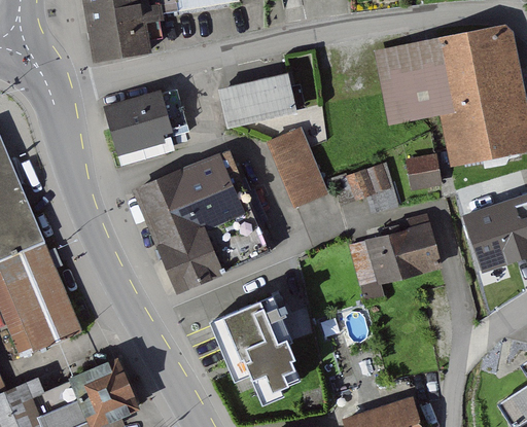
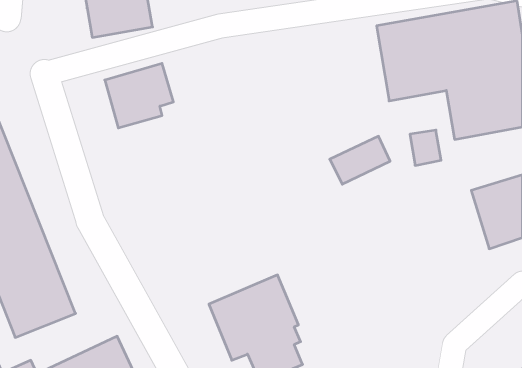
building: [223,75,301,131] -> none
building: [268,130,326,205] -> none
building: [136,150,256,289] -> none
building: [350,225,441,293] -> none

